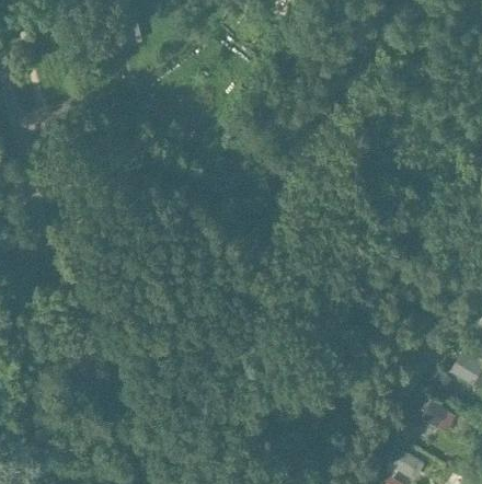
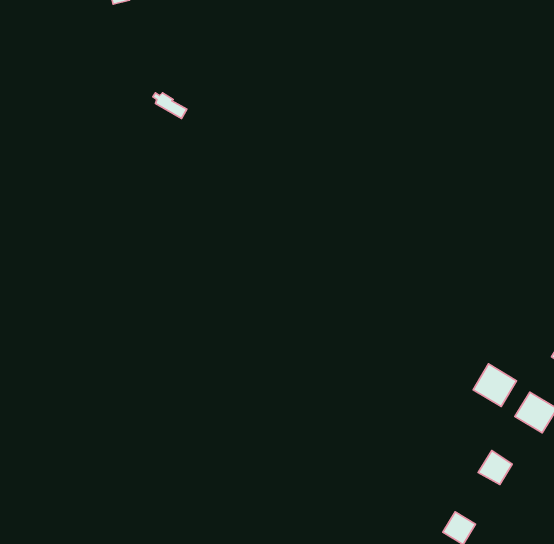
building: none -> [473,364,516,407]

